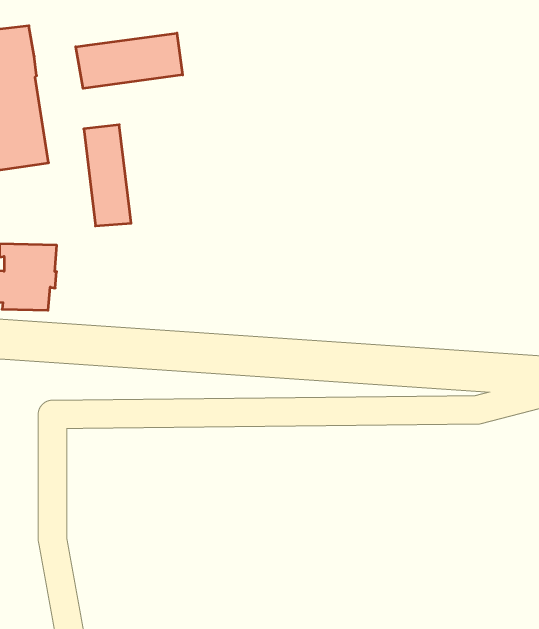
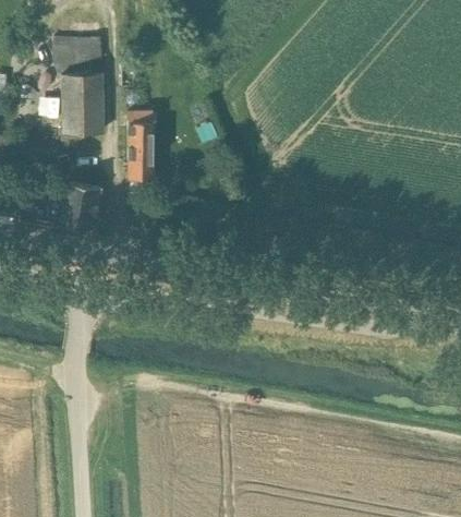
building: [76,33,183,88] -> none

